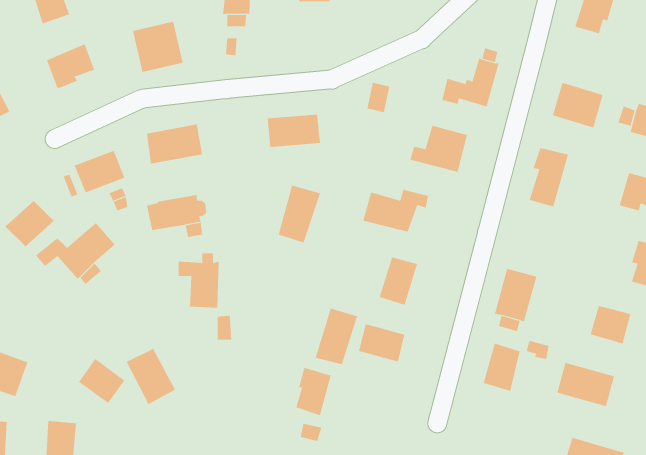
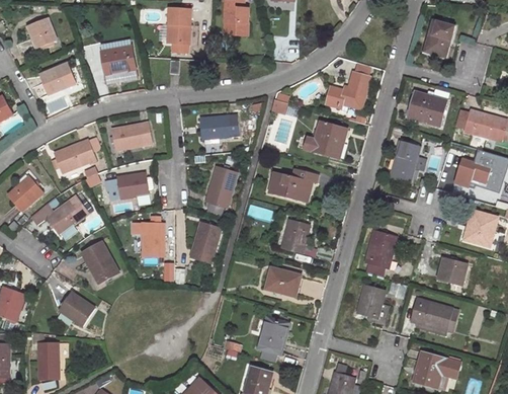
building: [315,308,358,365] -> [190,224,222,265]
building: [126,348,176,405] -> [82,242,118,284]
building: [296,367,332,416] -> [262,319,288,354]

